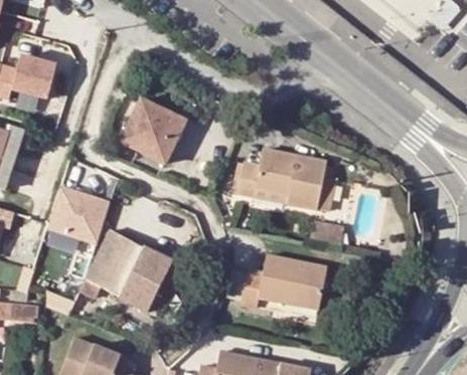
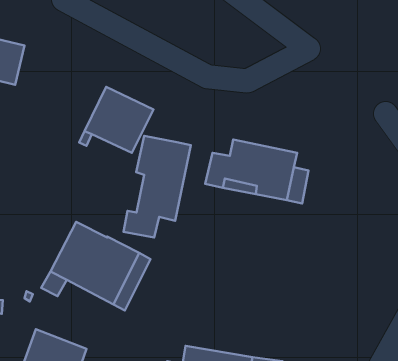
building: none -> [123,136,191,237]
building: [46,184,108,240] -> none
building: [240,255,326,309] -> none

